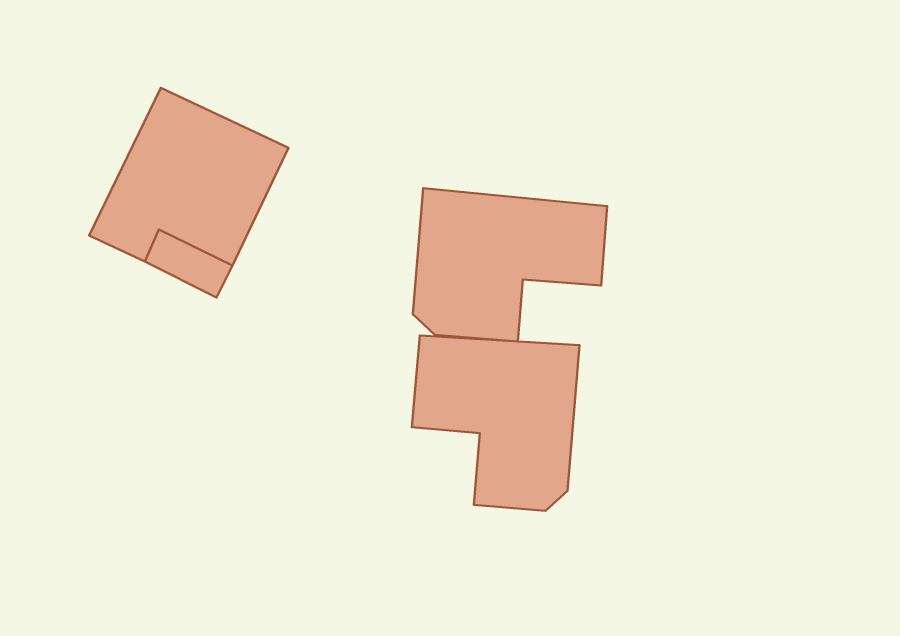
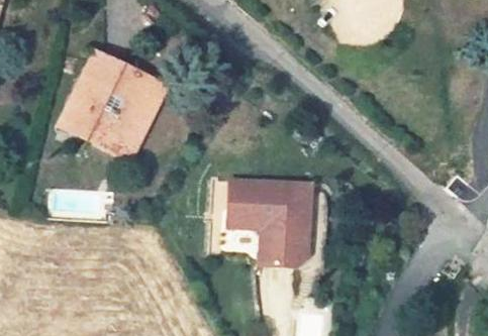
building: [413,188,607,341] -> none

